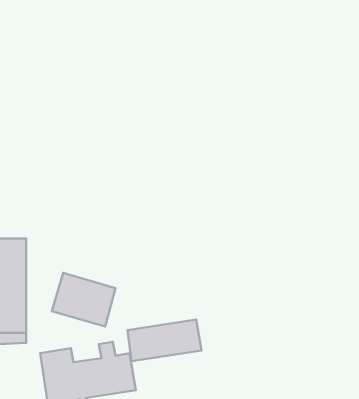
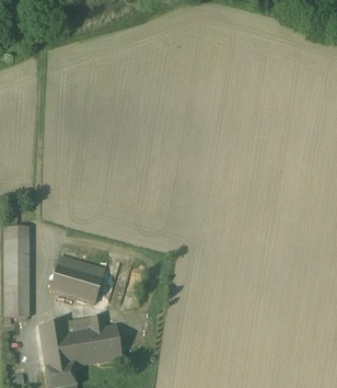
building: [128,320,201,361] -> none

